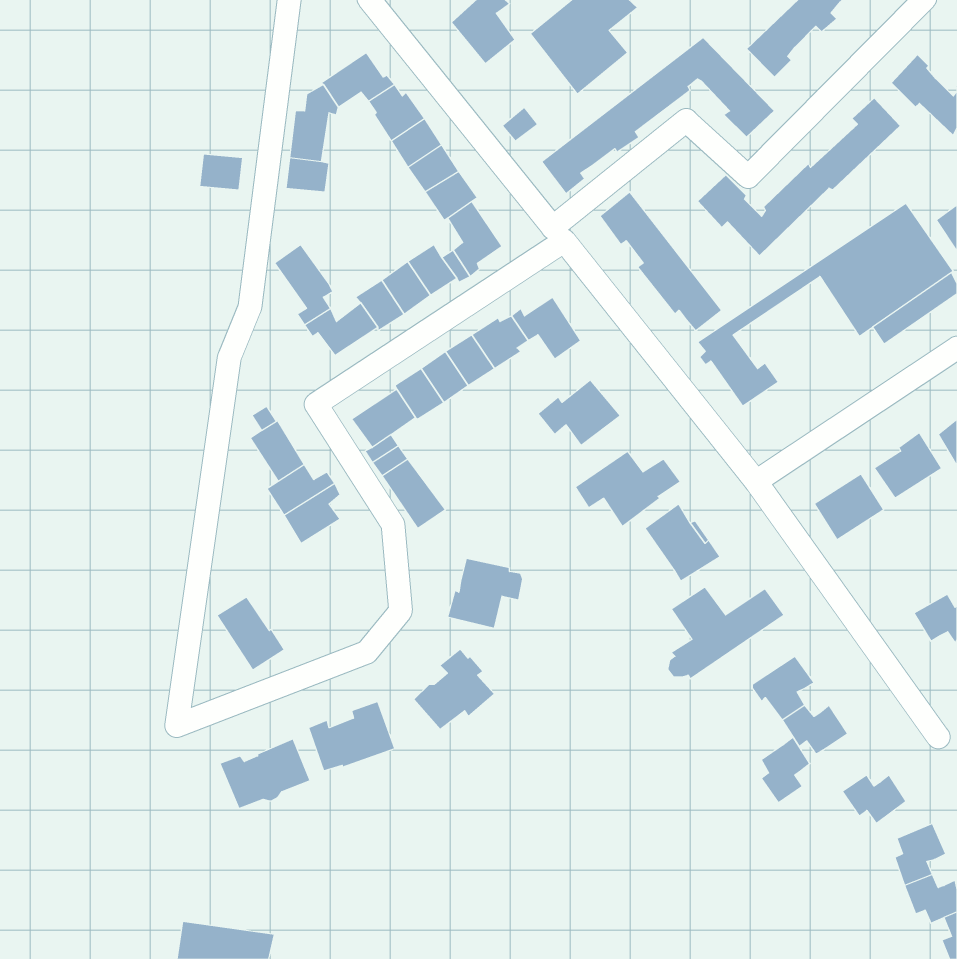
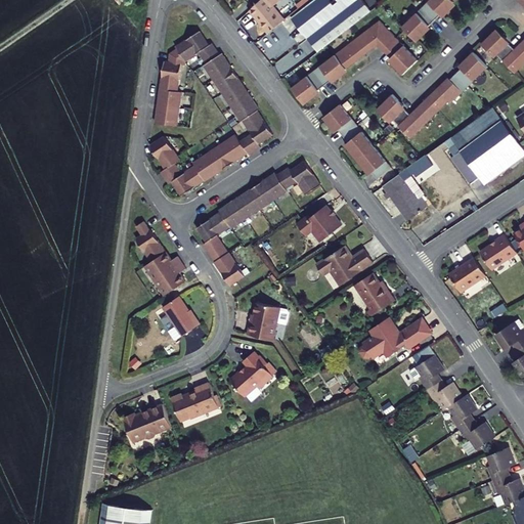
building: [200,154,243,190] -> [154,102,177,122]
building: [217,597,284,670] -> [163,297,200,337]
building: [761,737,810,803] -> [449,395,476,431]

